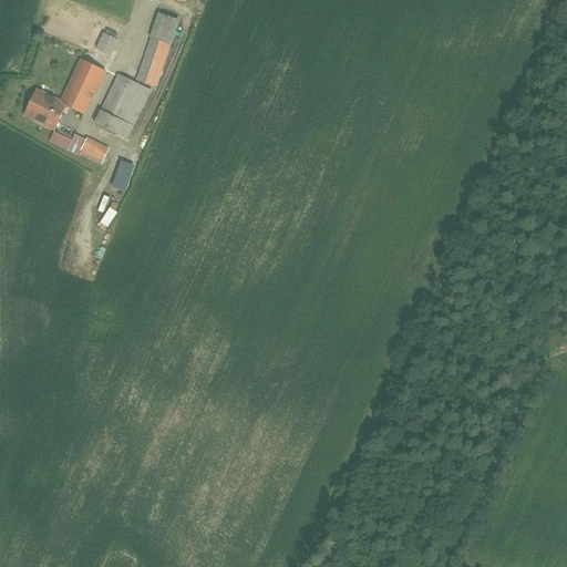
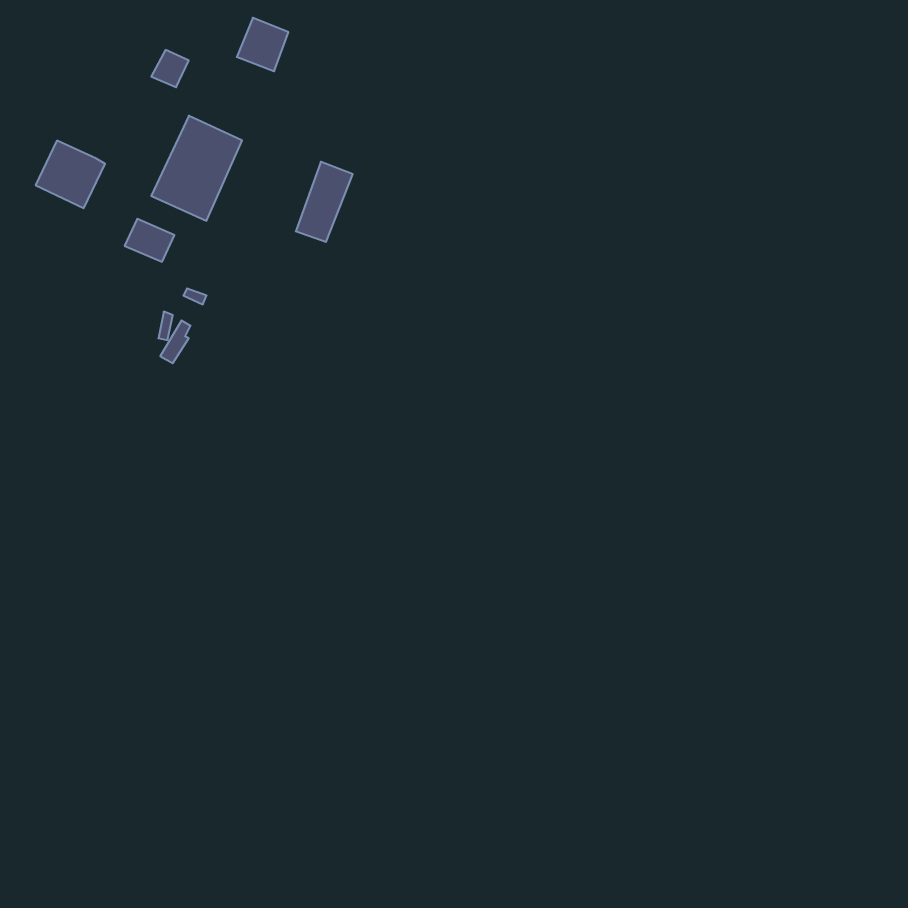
building: [135,37,171,86] -> [296,162,353,242]
building: [60,56,104,111] -> none

